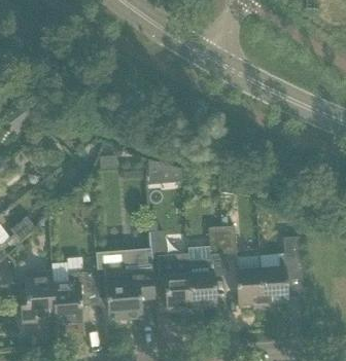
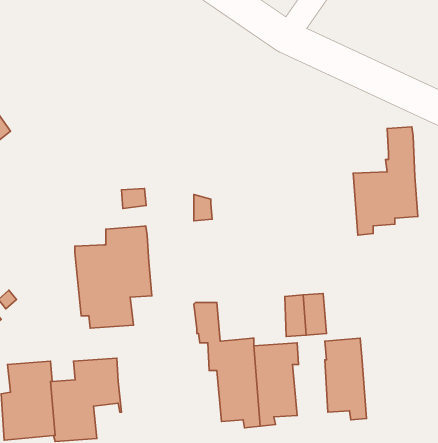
building: [261,237,304,309] -> [353,127,418,235]
building: [104,252,155,320] -> [75,226,152,328]

